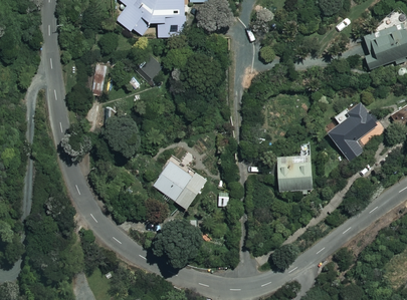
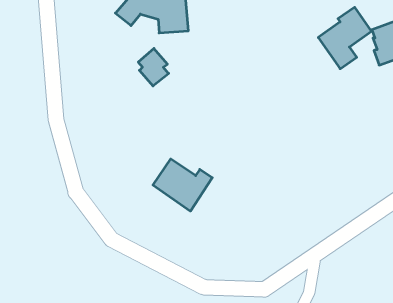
building: [327,101,378,161] -> [318,7,371,69]
building: [276,143,313,194] -> none

